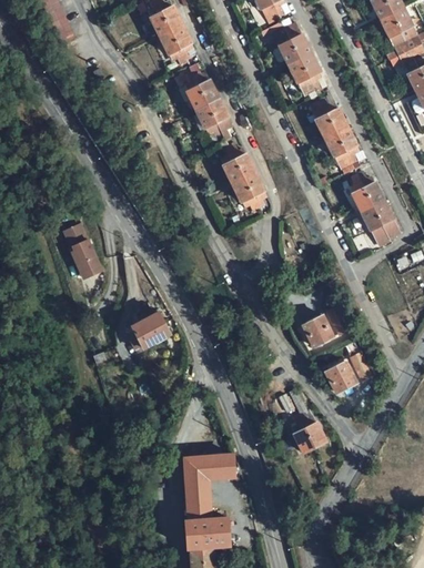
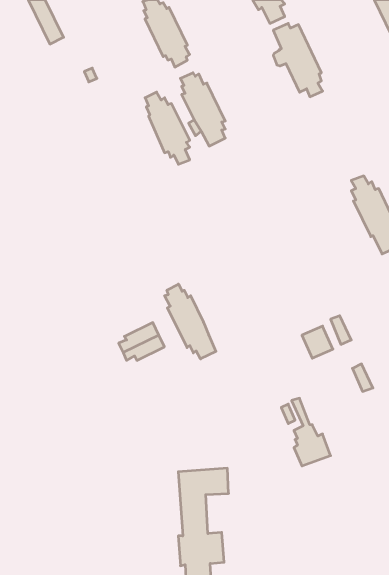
building: [312,94,359,172] -> none
building: [222,144,265,214] -> [145,92,190,164]
building: [63,223,102,277] -> none
building: none -> [165,284,216,359]
building: [324,361,355,393] -> none

